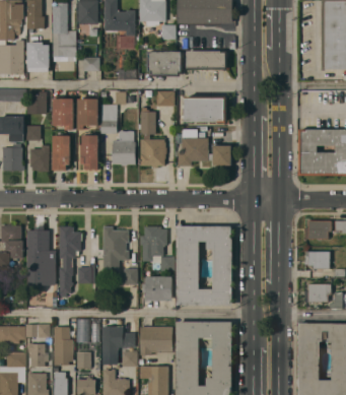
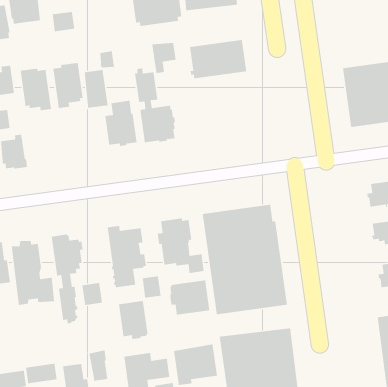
building: [177,129,231,166] -> none
building: [53,134,70,170] -> none
building: [81,134,98,171] -> none
building: none -> [118,300,148,340]

